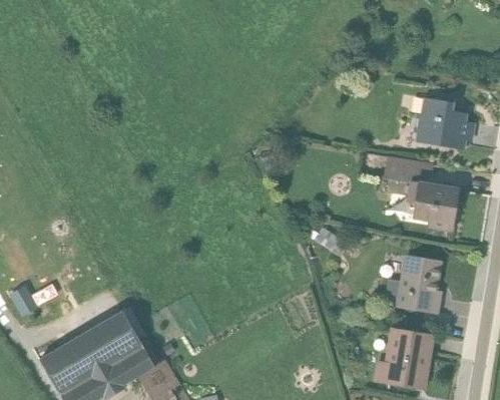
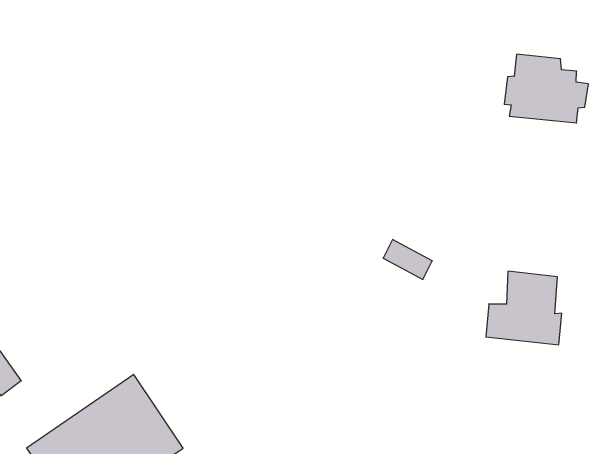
building: [385,155,457,229] -> none
building: [374,328,434,387] -> none

